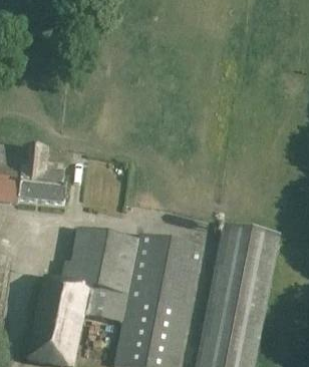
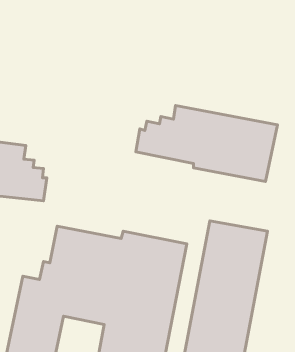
building: none -> [136,106,277,181]

